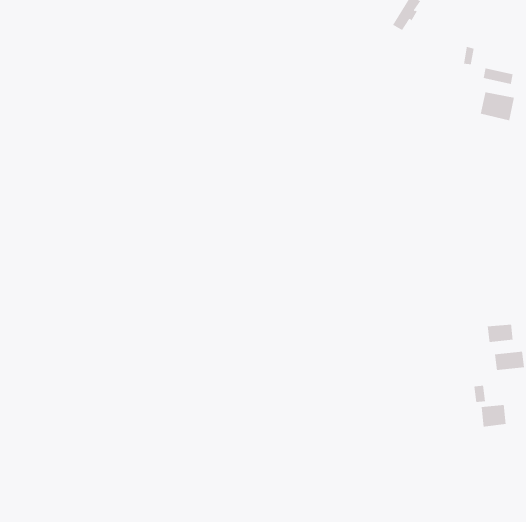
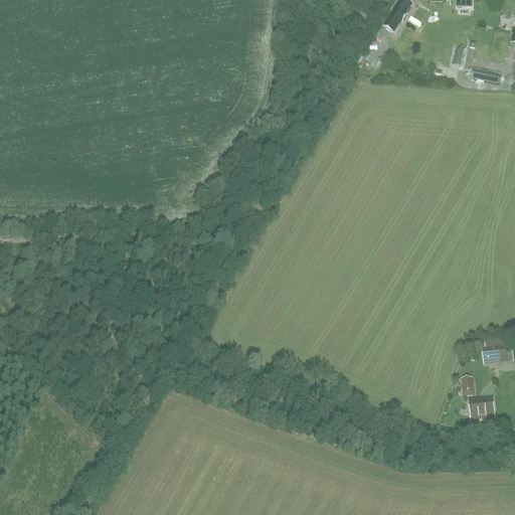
building: [480,91,515,121] -> none
building: [487,324,513,343] -> none

